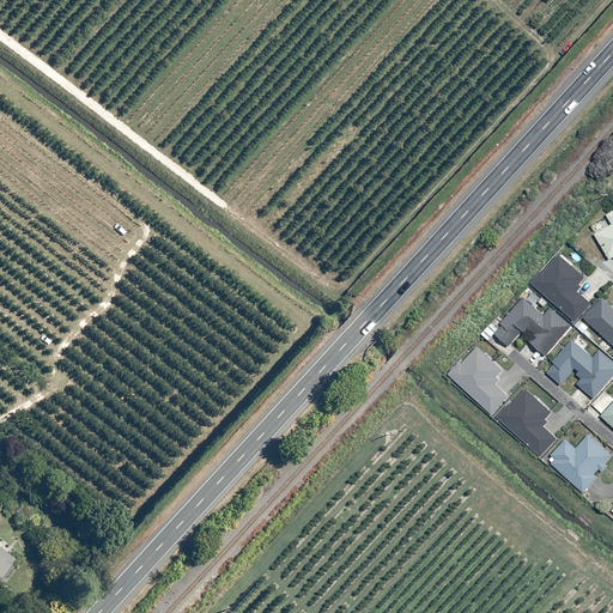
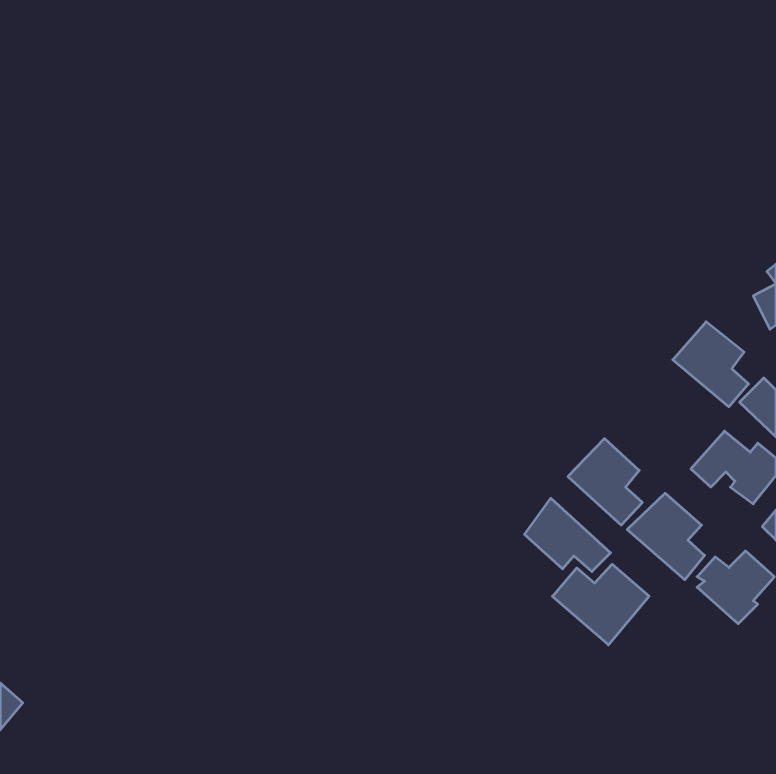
building: [493,298,570,356] -> none
building: none -> [525,498,611,572]
building: none -> [552,564,649,645]

